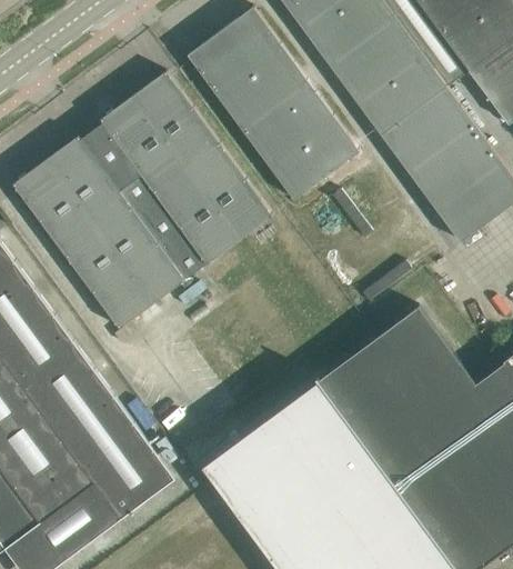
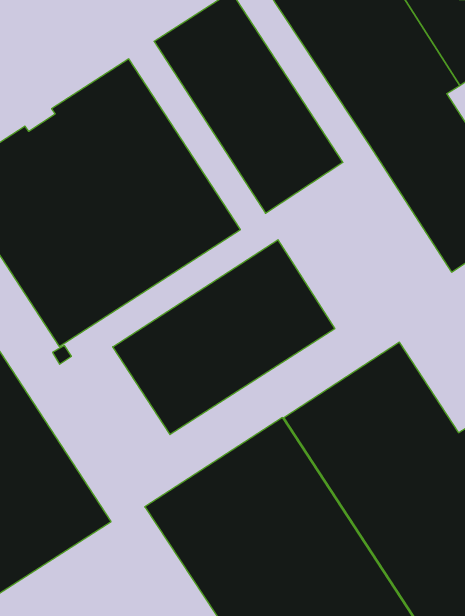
building: none -> [113,240,335,435]

